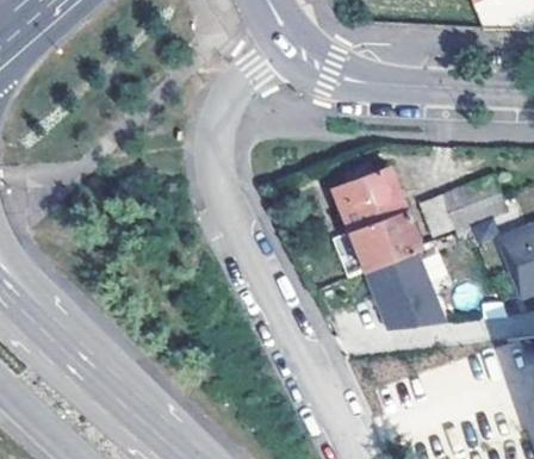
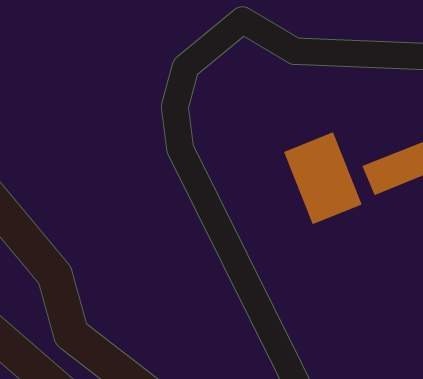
building: [366,253,447,333] -> none

